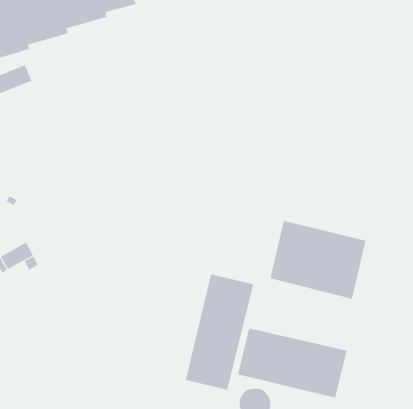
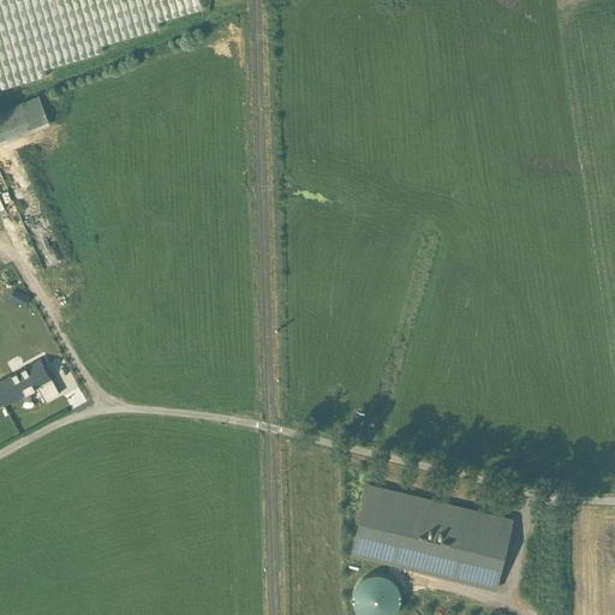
building: [270,220,366,300] -> none
building: [185,273,254,390] -> none

